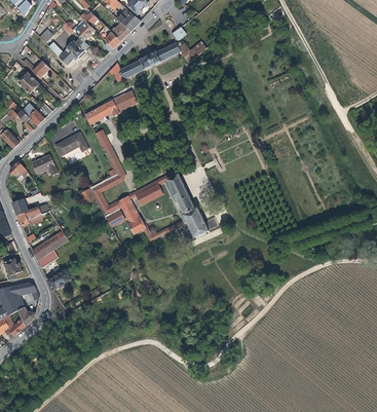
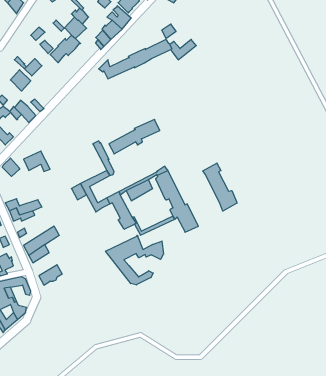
building: [85,89,137,124] -> [109,119,160,154]
building: [55,132,88,155] -> none
building: none -> [203,163,237,211]
building: none -> [106,235,164,285]

